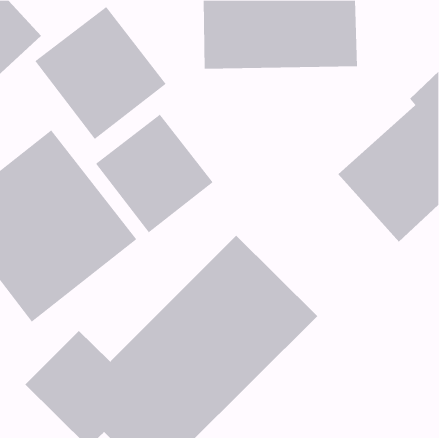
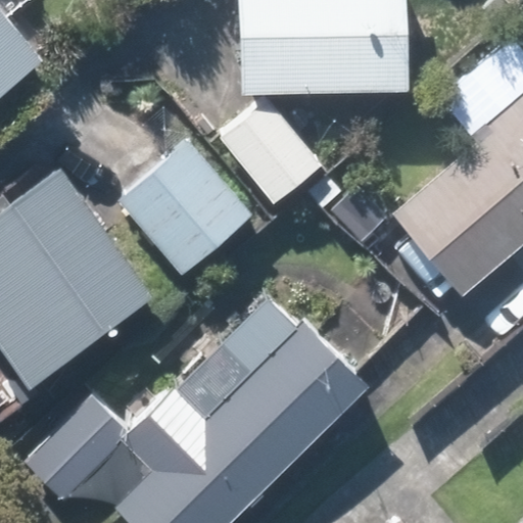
building: [35,6,166,140] -> none
building: none -> [213,104,319,213]

